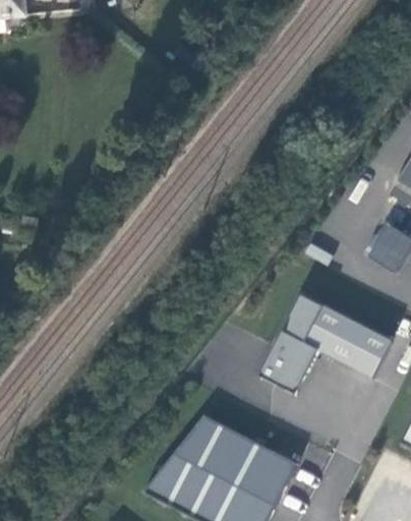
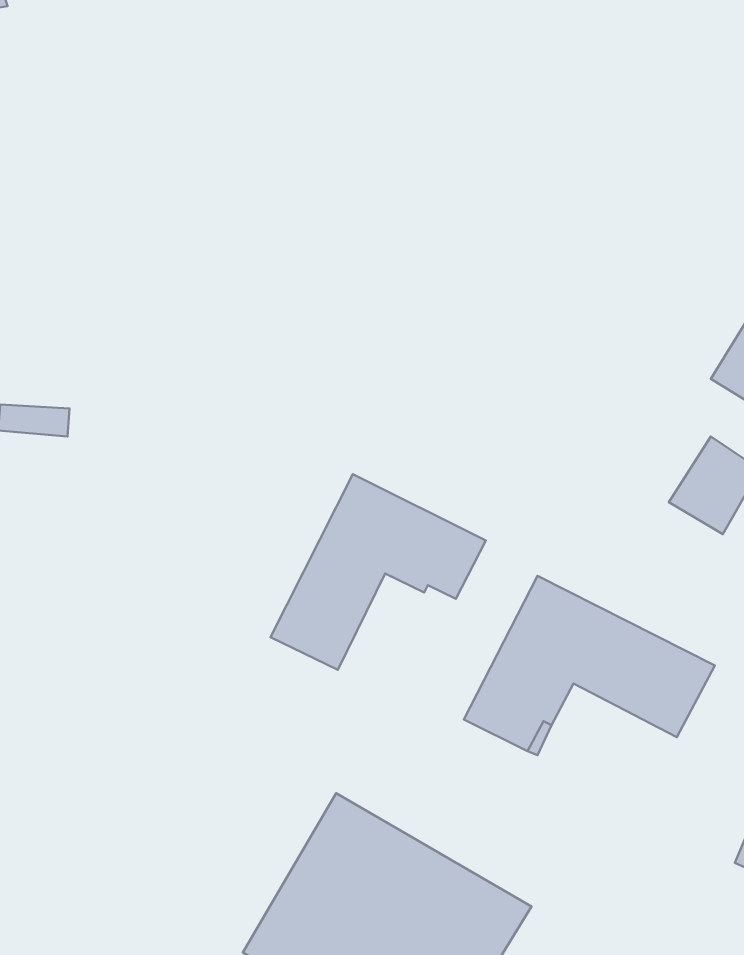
building: none -> [270,474,486,670]

